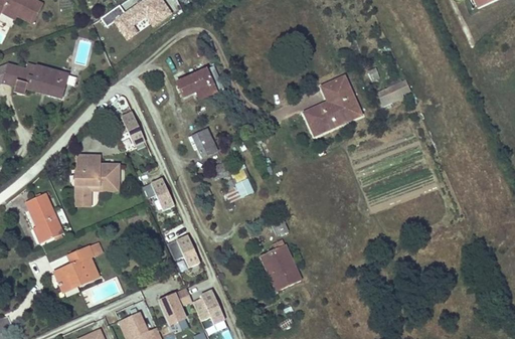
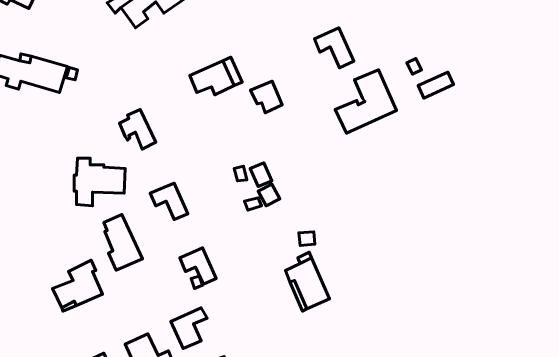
building: none -> [315,28,354,68]
building: [188,129,216,157] -> [251,81,282,113]
building: [28,193,62,242] -> [104,215,142,270]
building: [193,290,224,323] -> none

